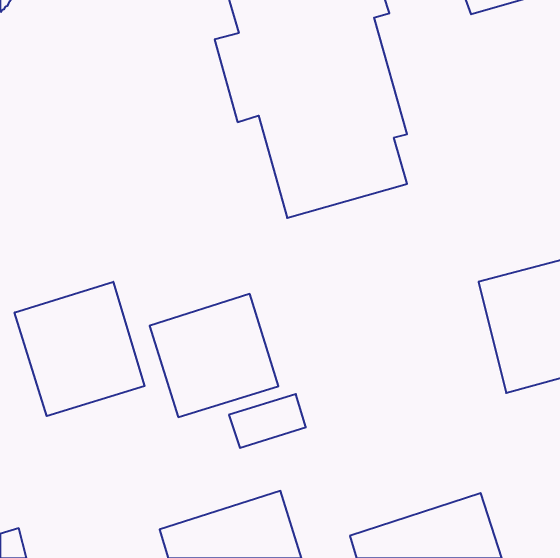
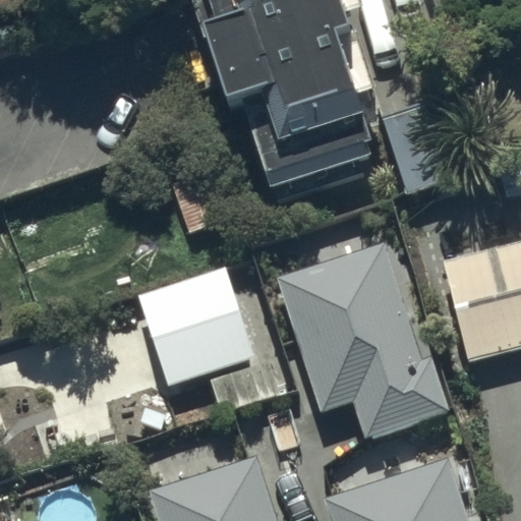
building: none -> [281,248,446,433]
building: [15,282,145,416] -> none

